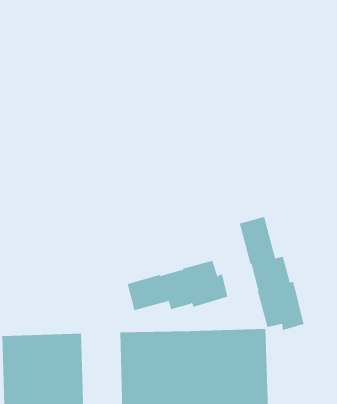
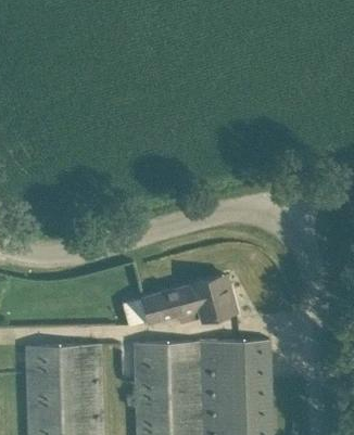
building: [239,216,304,331] -> none

